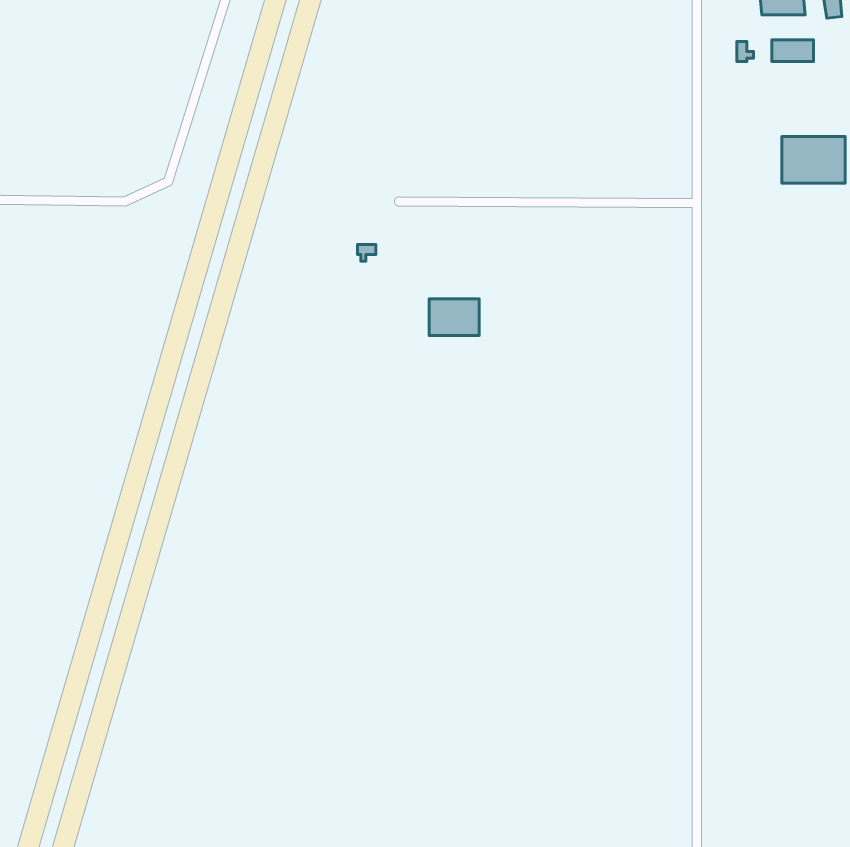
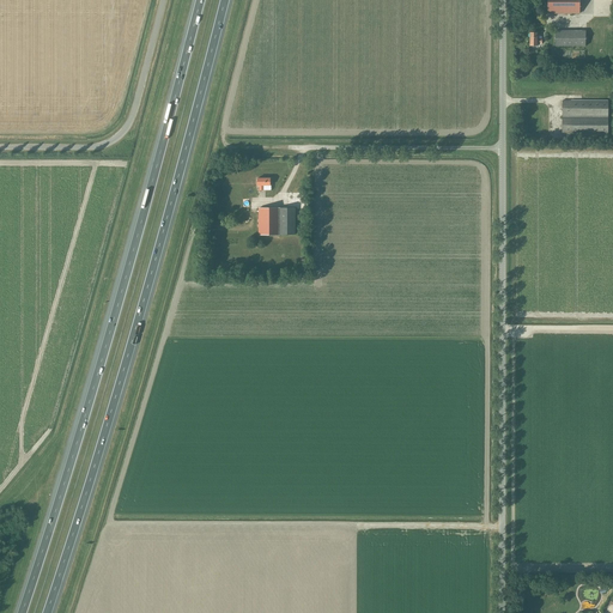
building: [429,299,479,335] -> [259,206,295,232]

